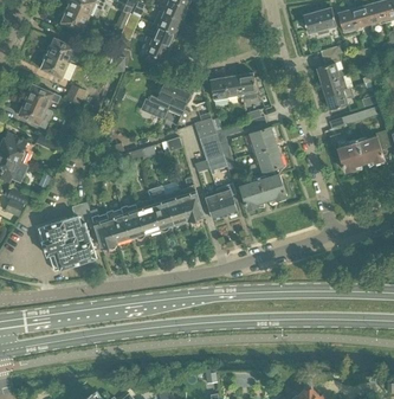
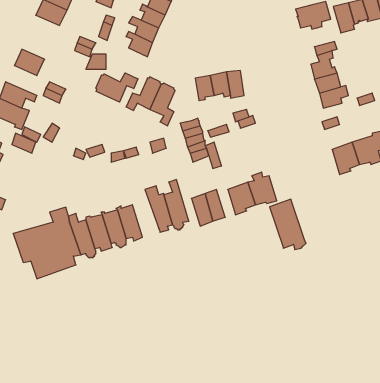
building: [45,37,83,63] -> none
building: none -> [96,73,138,102]
building: [248,127,283,174] -> [270,199,306,250]
building: [147,186,174,232] -> none

